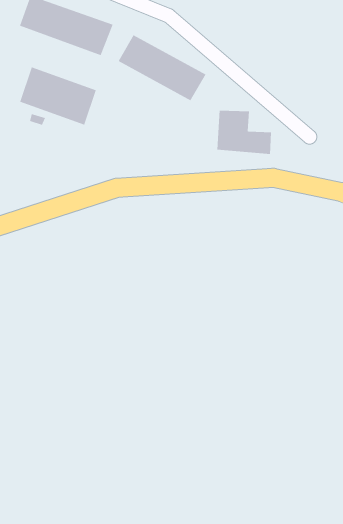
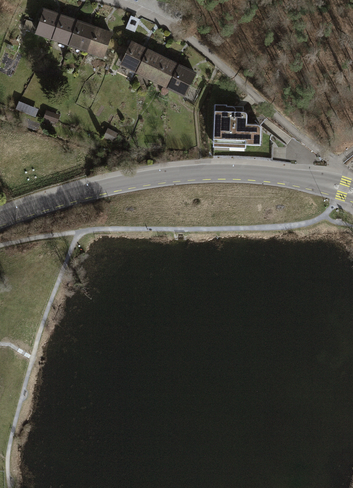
building: [19,67,97,126] -> none

